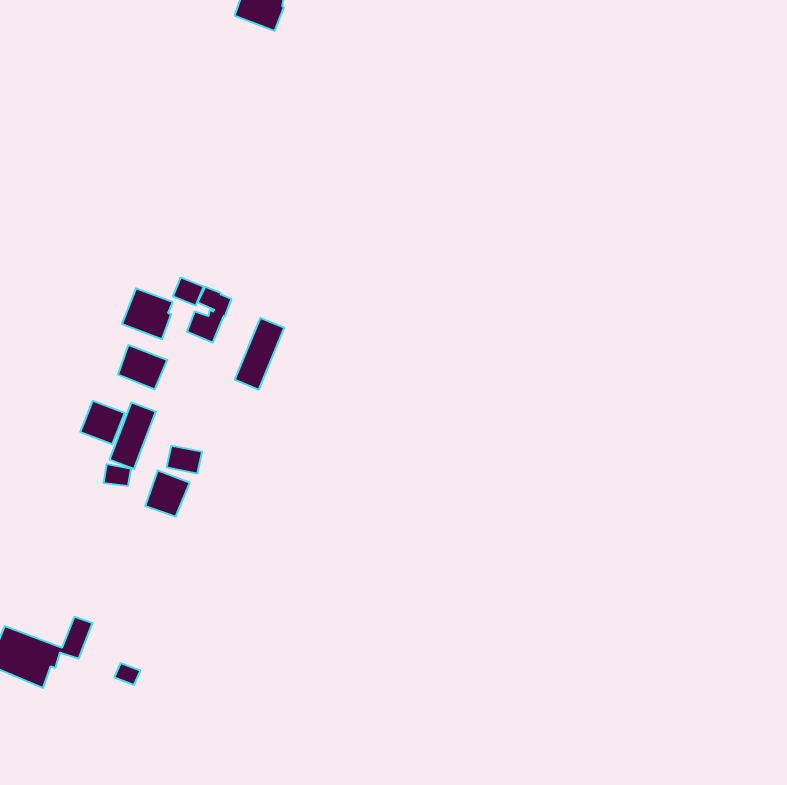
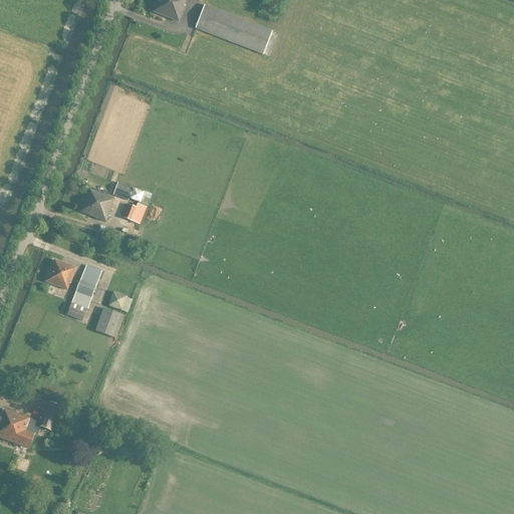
building: none -> [195,4,271,53]
building: [235,318,284,390] -> none
building: [118,345,167,390] -> none

